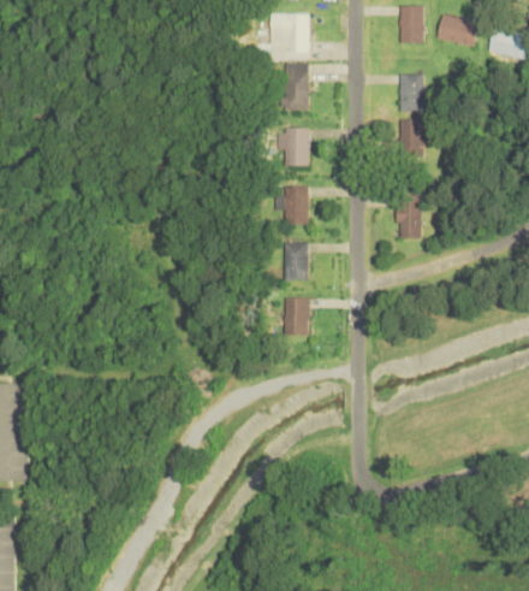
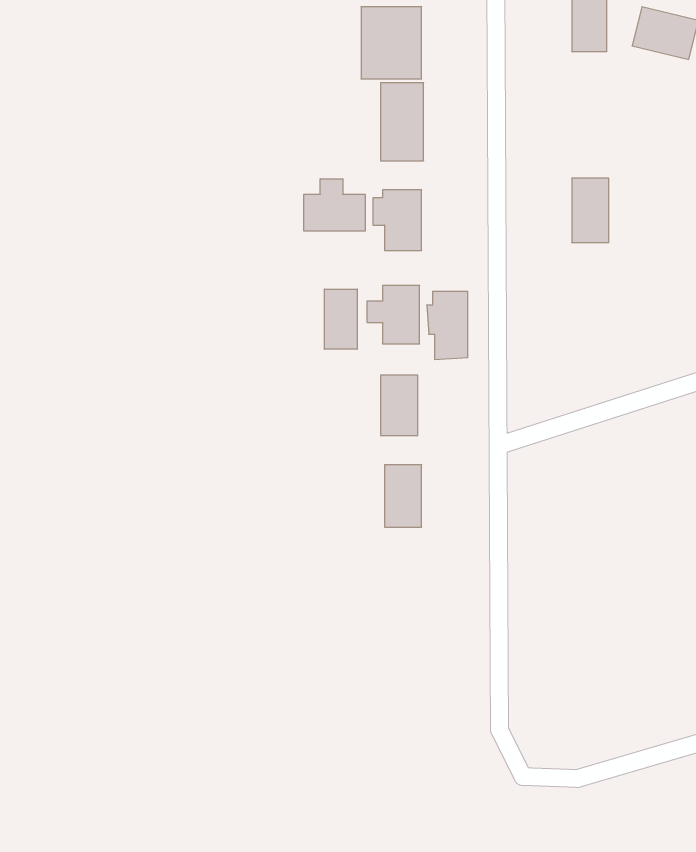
building: [400,75,424,112] -> none
building: none -> [304,179,365,231]
building: none -> [324,289,357,349]
building: [396,197,421,240] -> [427,291,468,360]

